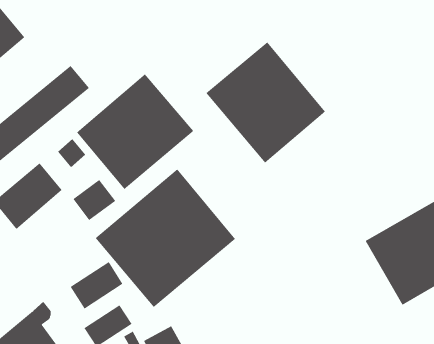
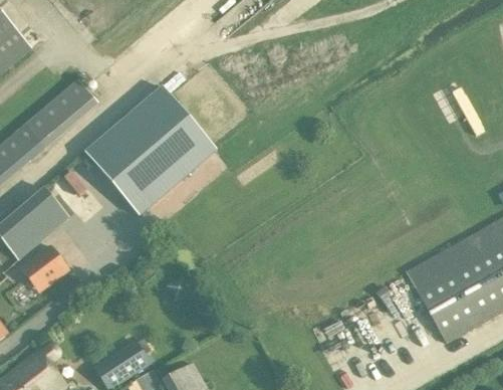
building: [206,41,326,164] -> none
building: [95,168,236,308] -> none
building: [72,179,116,221] -> [20,244,68,290]
building: [70,261,123,310] -> none

